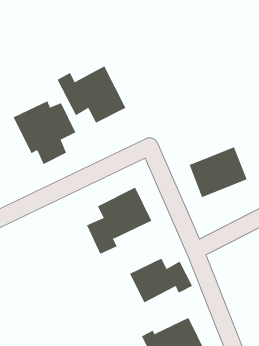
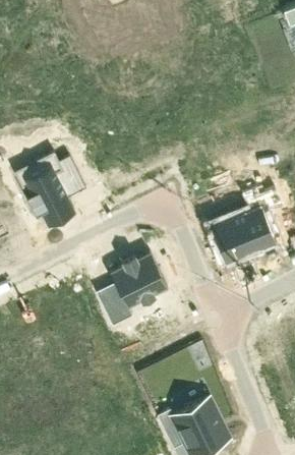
building: [57,66,126,123] -> none
building: [129,258,193,303] -> none

